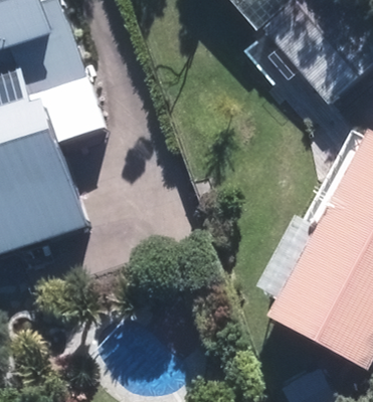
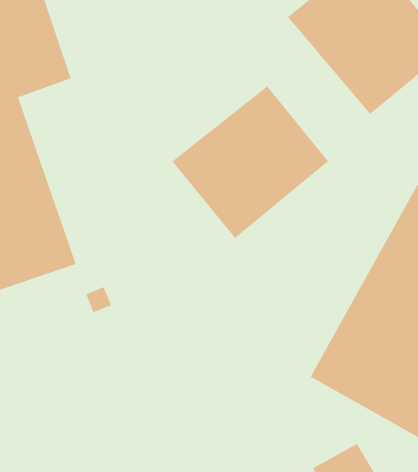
building: none -> [172,86,329,239]

